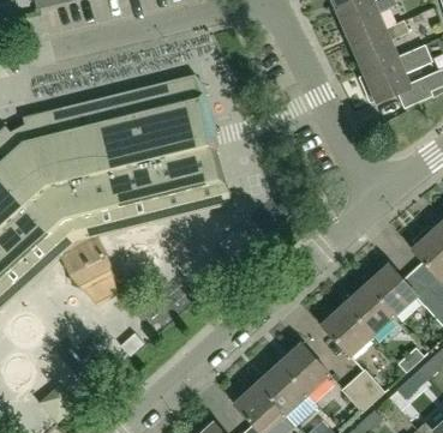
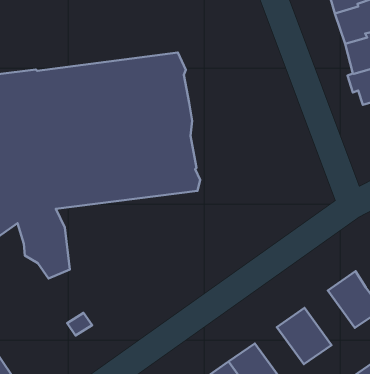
building: [343,284,394,336] -> none

